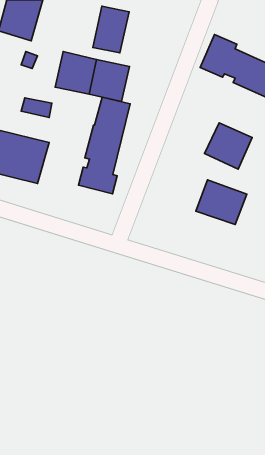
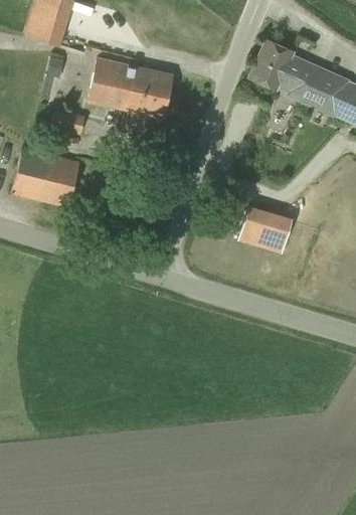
building: [93,6,129,53] -> none
building: [78,97,130,194] -> none
building: [205,123,252,169] -> none

